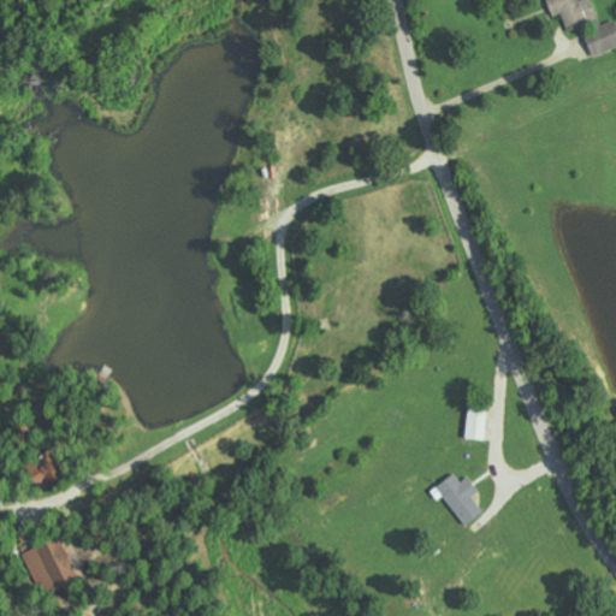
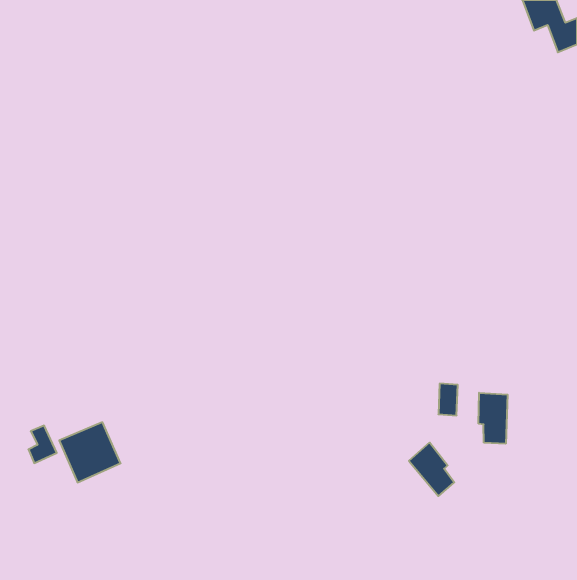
building: none -> [479,393,508,444]
building: [20,533,85,597] -> [59,422,121,482]

